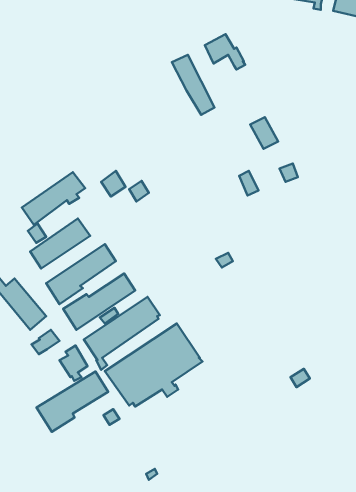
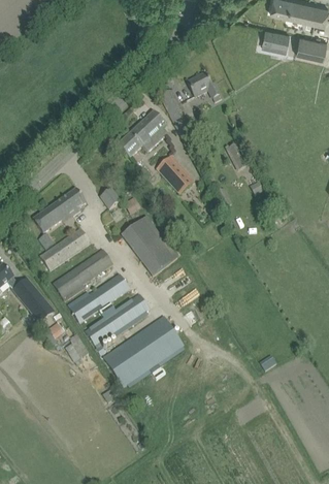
building: none -> [117,111,167,158]
building: none -> [156,156,194,195]
building: none -> [122,216,178,277]
building: [36,372,108,432] -> none

